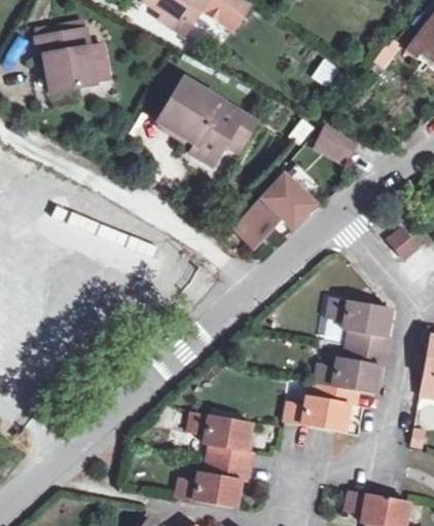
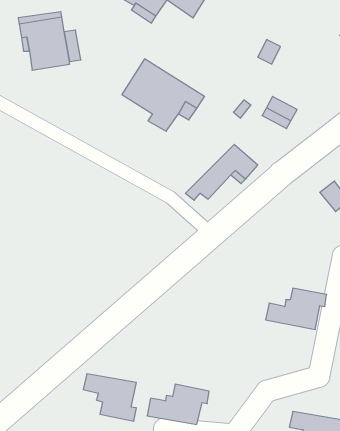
building: [333,300,395,354] -> none
building: [289,384,362,431] -> none
building: [193,413,256,468] -> [83,374,136,421]

